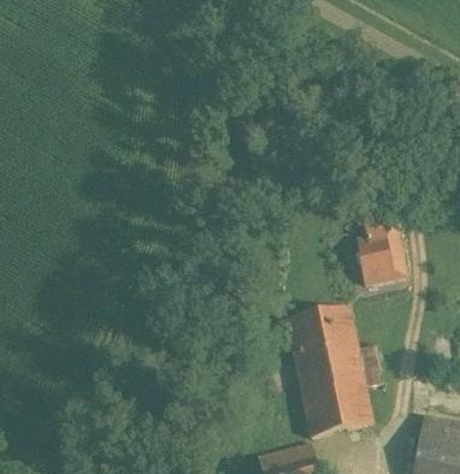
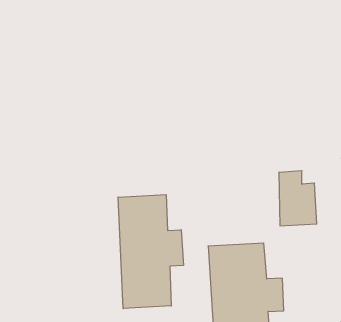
building: none -> [118,195,183,309]

